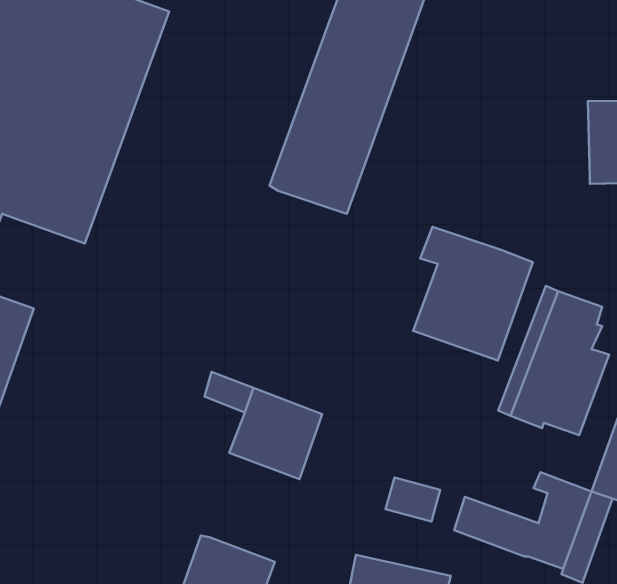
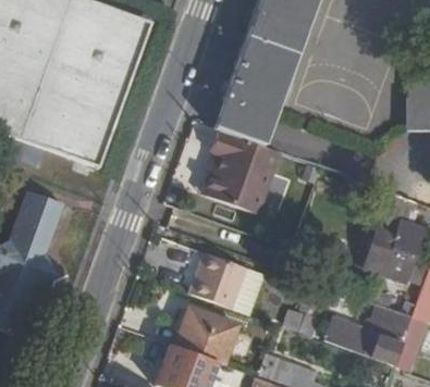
building: [413,227,533,361] -> [206,132,280,214]
building: none -> [175,309,237,363]

